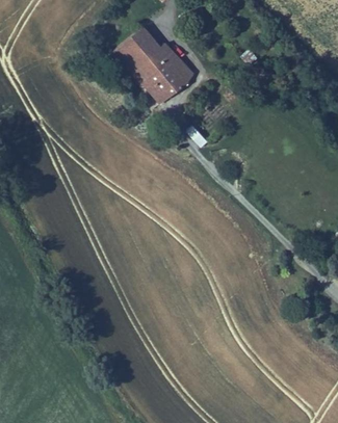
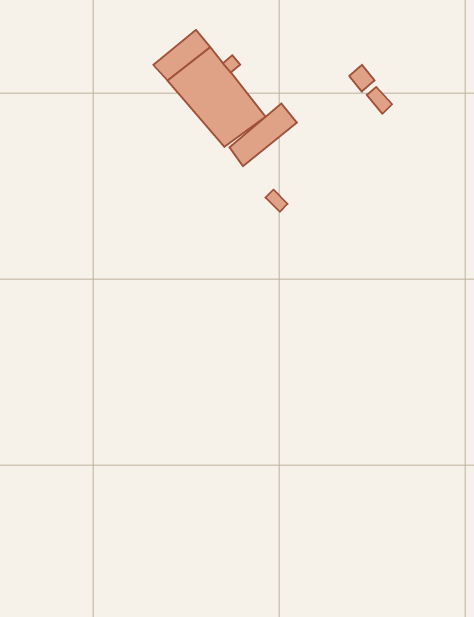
building: none -> [229,103,297,166]

